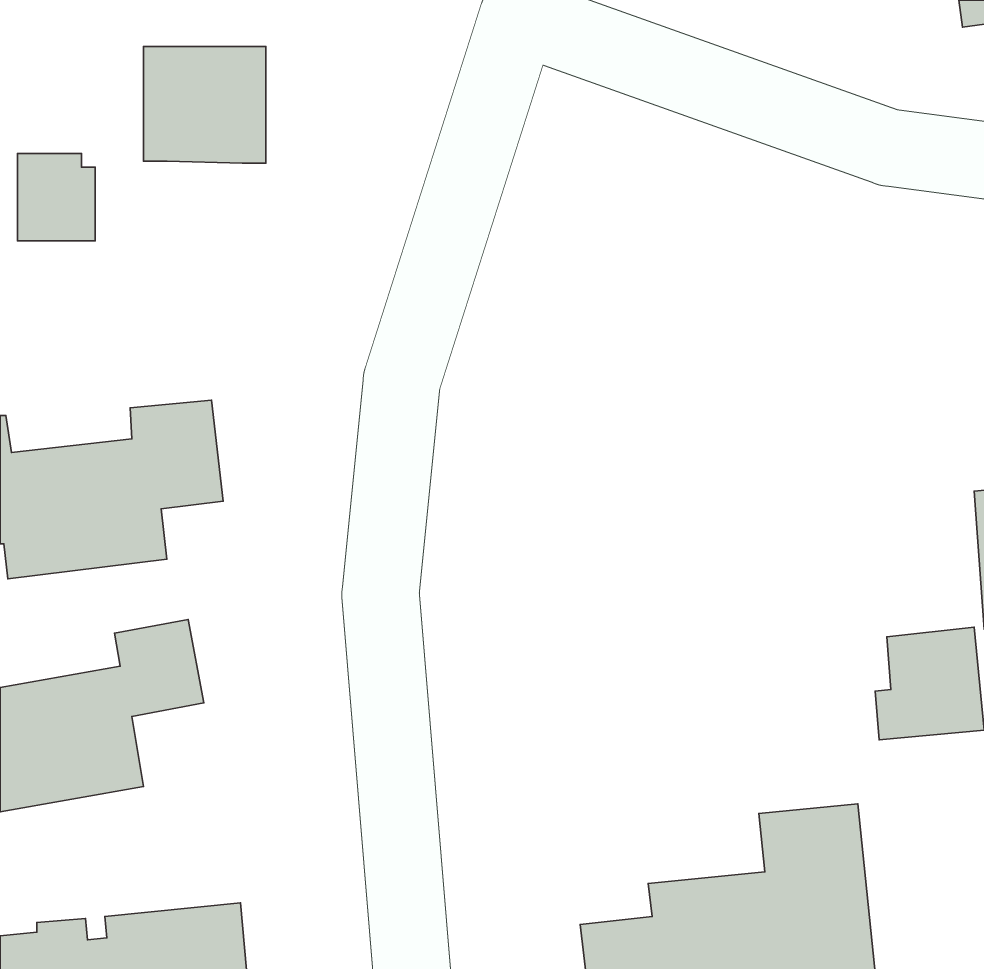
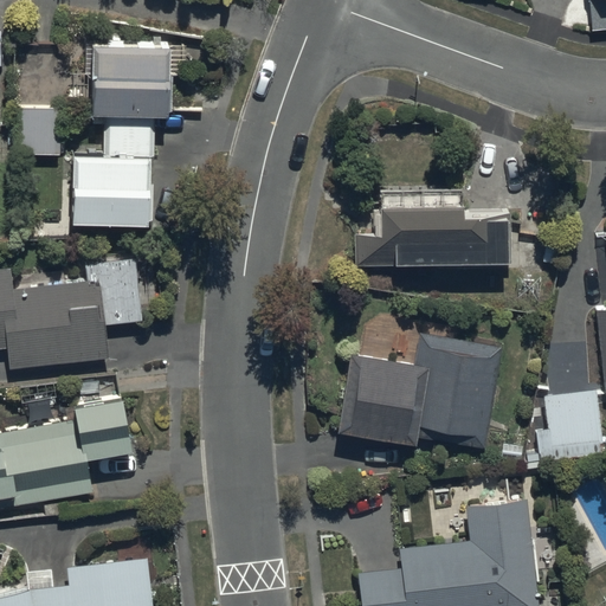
building: none -> [71,112,153,220]
building: none -> [356,199,514,270]
building: none -> [339,340,504,456]

